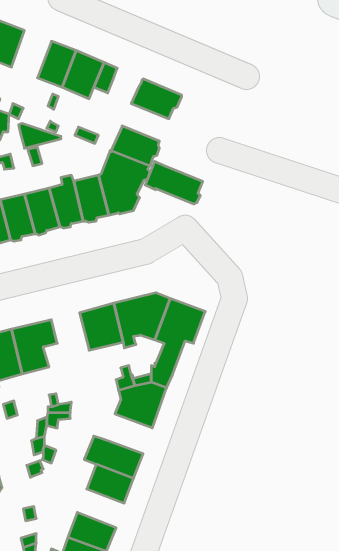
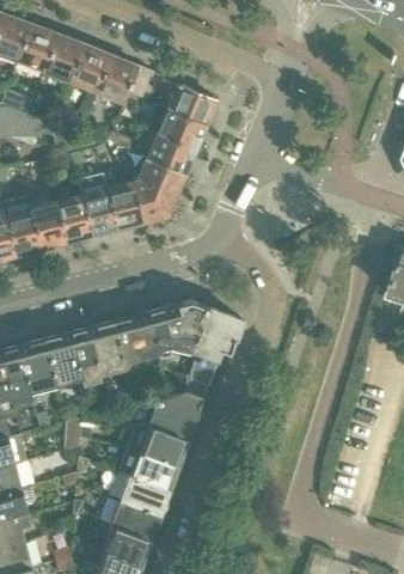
building: none -> [44,35,85,83]
building: [145,161,203,204] -> [146,104,204,147]
building: none -> [76,322,124,383]
building: none -> [128,425,188,465]
building: none -> [111,501,159,541]

